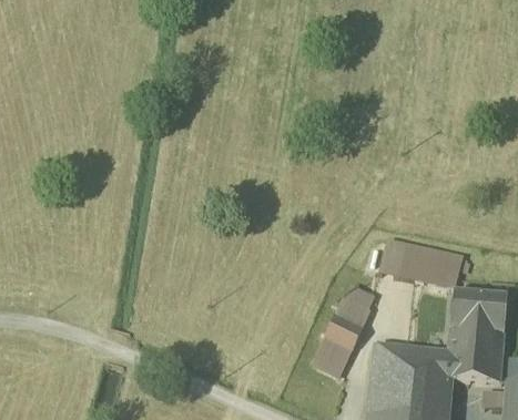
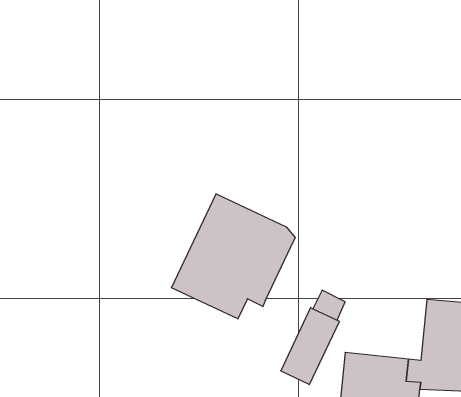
building: none -> [171,194,295,319]
building: [378,239,464,286] -> none

